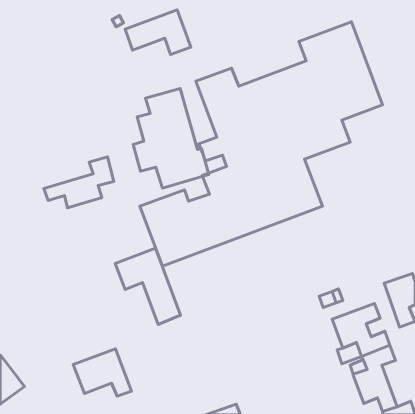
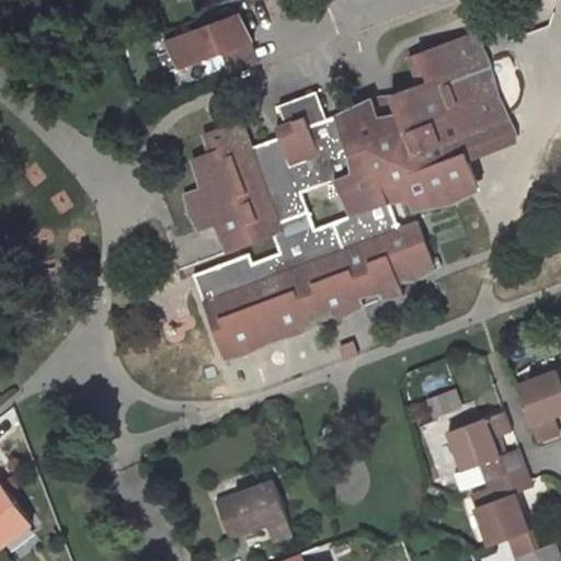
building: [44,157,114,208] -> none
building: [115,248,181,324] -> none
building: [73,349,132,396] -> [216,479,295,542]

